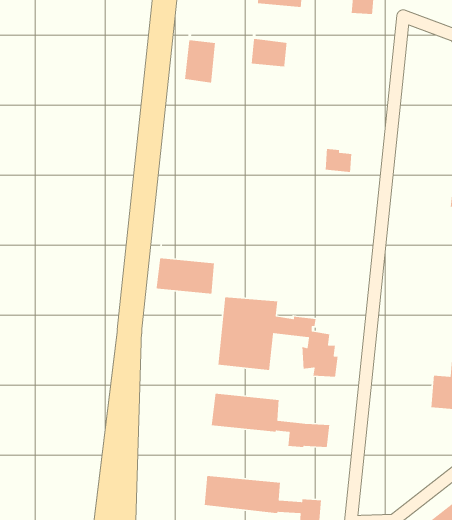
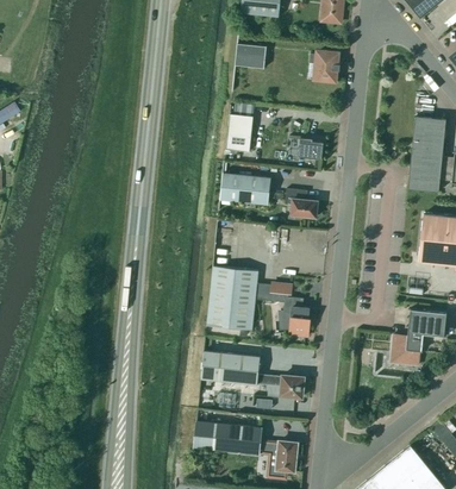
building: [184,29,216,84] -> [225,105,252,152]
building: none -> [310,52,337,80]
building: none -> [285,188,317,218]
building: [154,244,215,301] -> [218,161,270,211]

